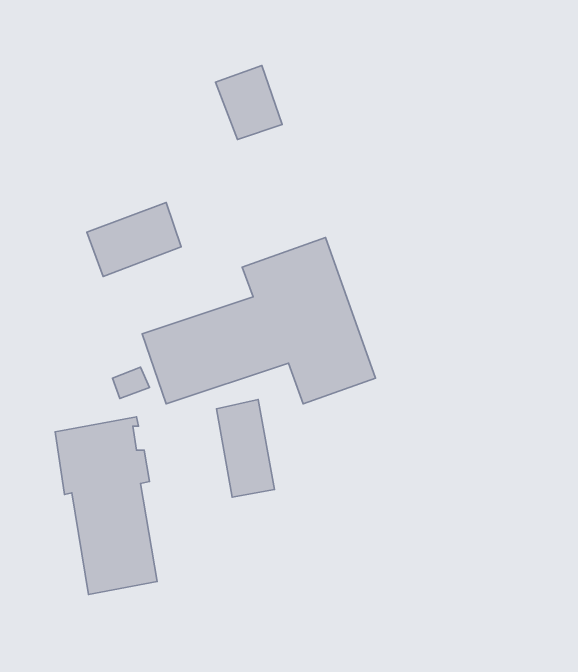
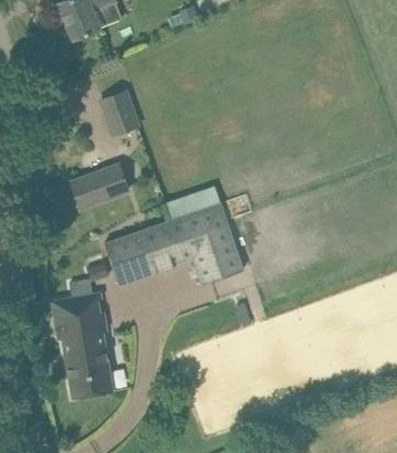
building: [215,65,282,139] -> [100,91,139,135]
building: [217,399,275,497] -> none

